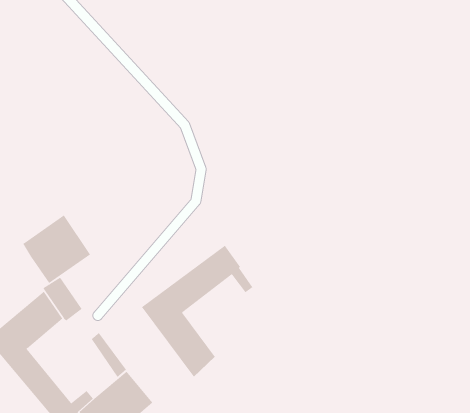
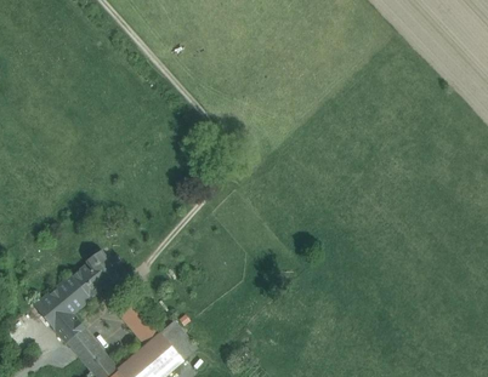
building: [22,214,91,284] -> none
building: [141,245,253,377] -> none

